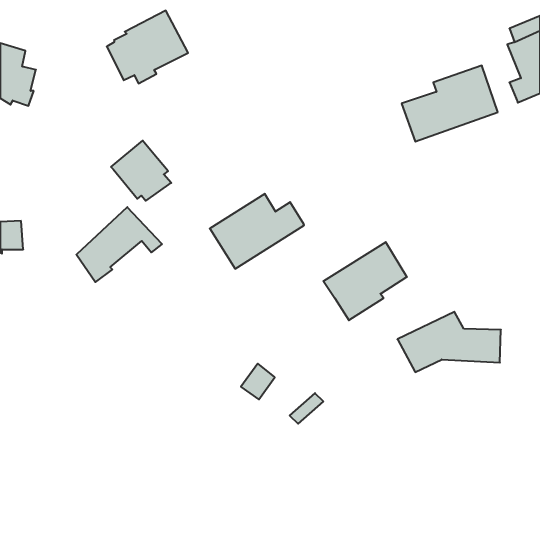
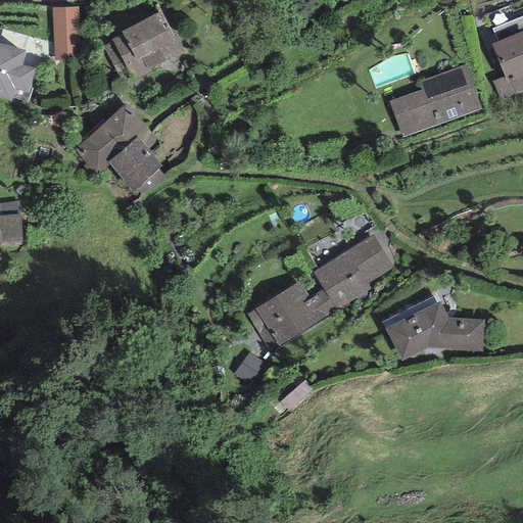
building: none -> [51,7,80,59]
building: [210,194,304,269] -> [246,280,337,352]
building: [76,207,162,282] -> [75,103,157,176]

